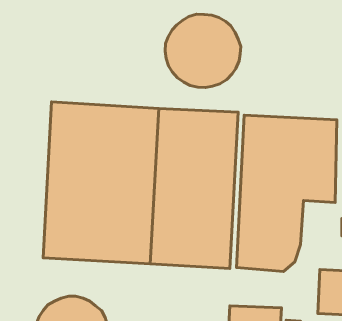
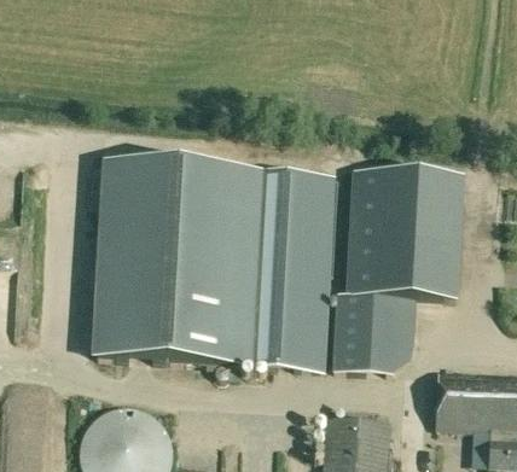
building: [165,14,241,88] -> none

